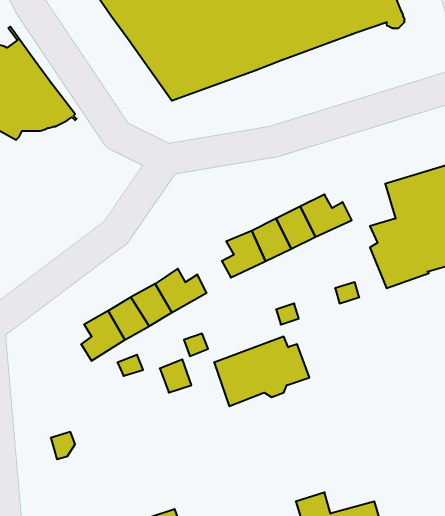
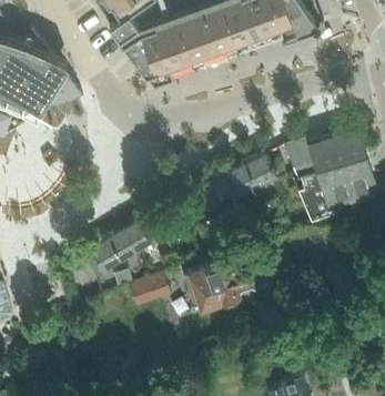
building: none -> [283,140,317,177]

